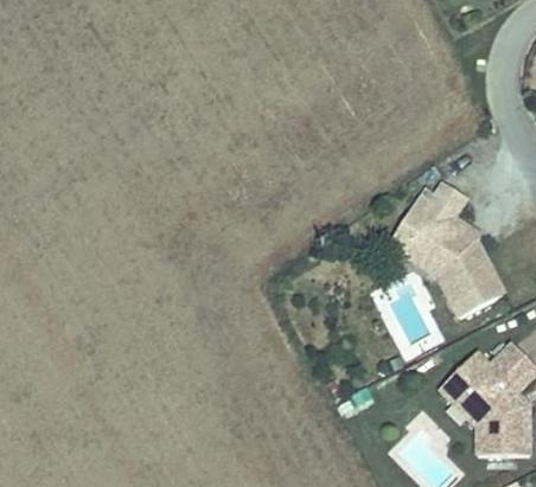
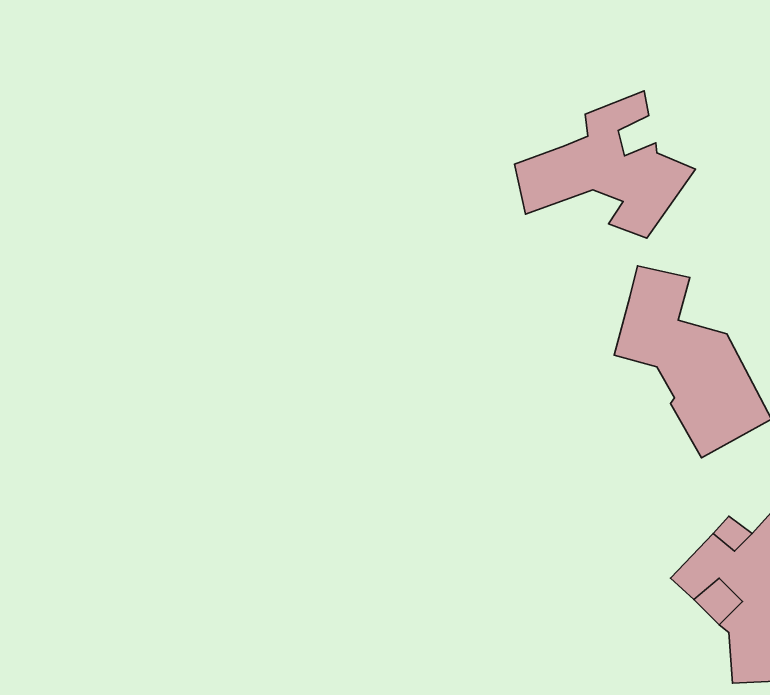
building: none -> [514,91,696,238]

